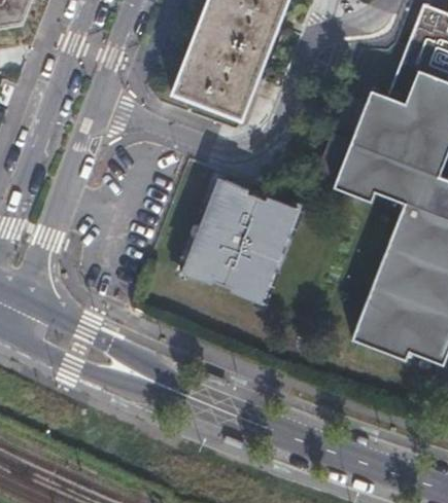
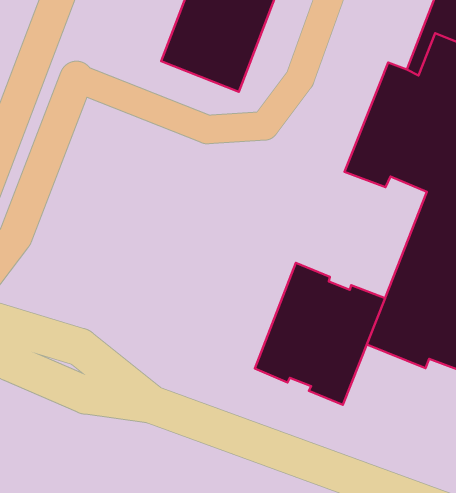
building: [183,177,298,301] -> [255,263,385,405]

